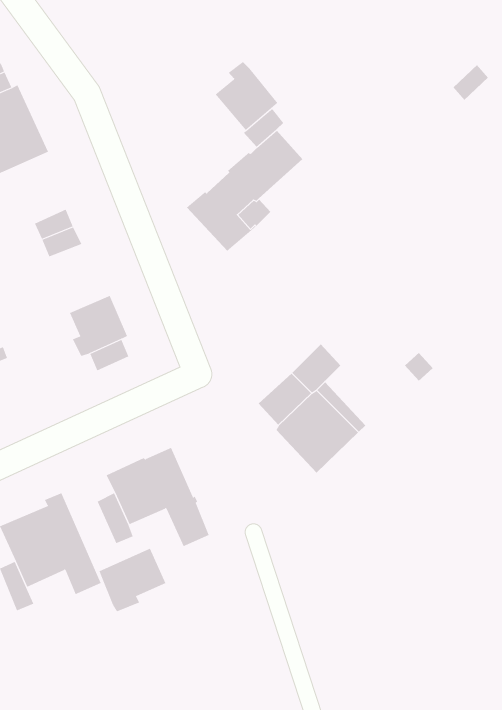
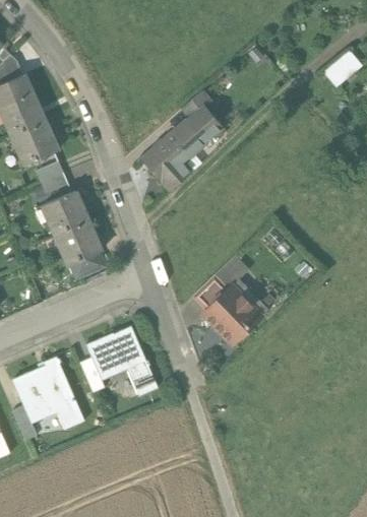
building: [215,61,278,131] -> none
building: none -> [16,121,58,166]
building: none -> [47,191,88,235]
building: [99,548,166,612] -> none

